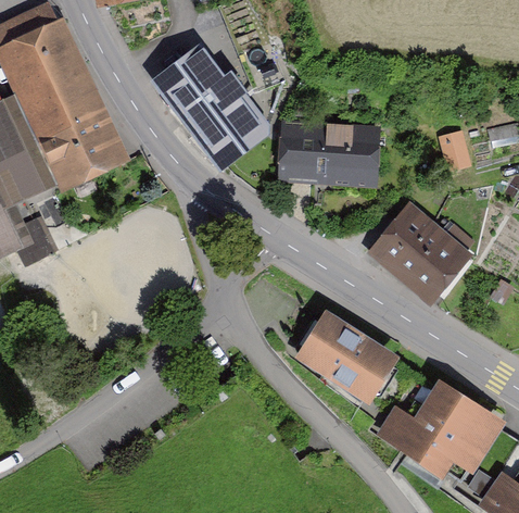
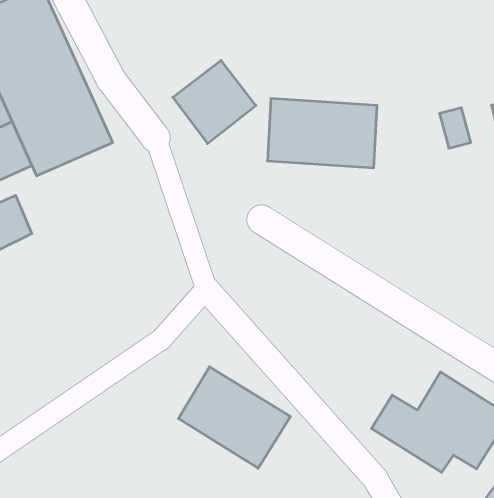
building: [155,43,233,121] -> none
building: [367,201,473,304] -> none
building: [296,309,402,404] -> [178,367,290,468]

